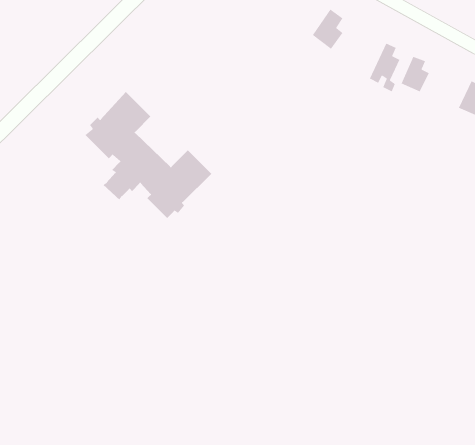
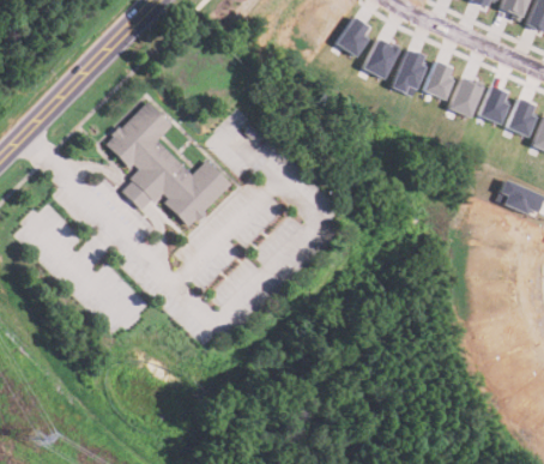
building: none -> [362,41,394,78]
building: none -> [448,82,480,113]

